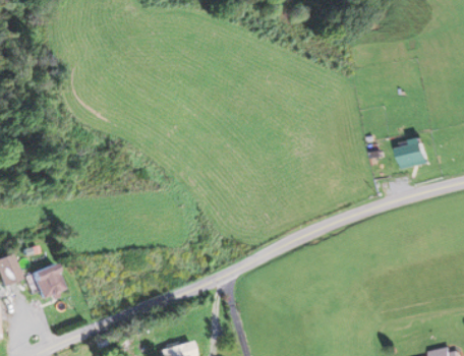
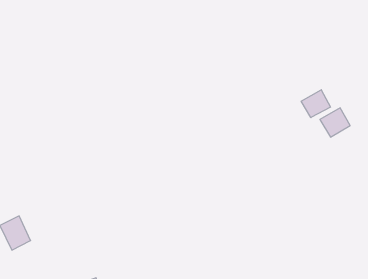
building: none -> [301,90,330,118]

